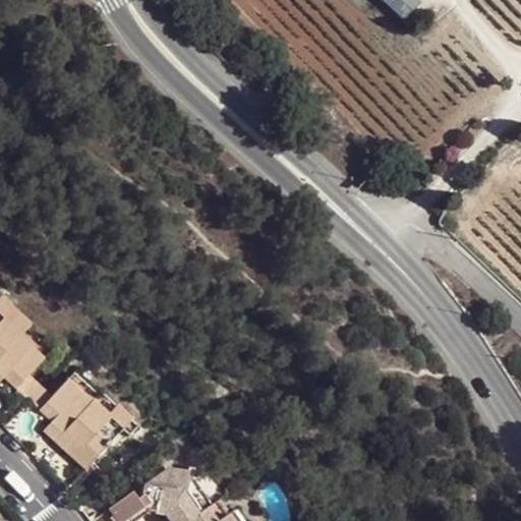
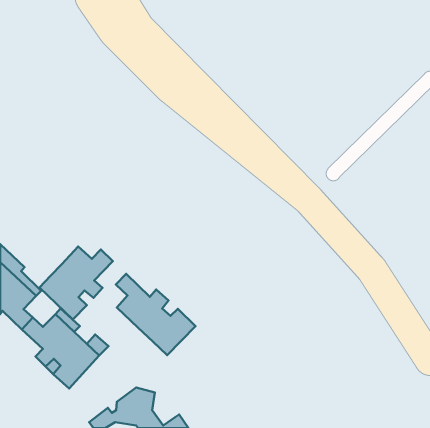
building: none -> [39,247,113,320]
building: none -> [116,274,195,355]

